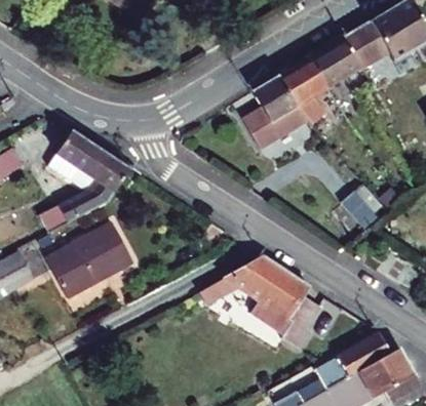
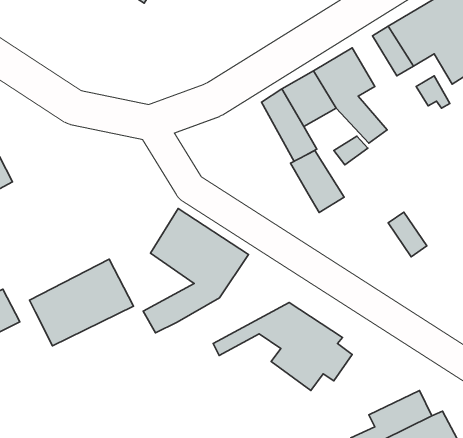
building: [320,35,358,78] -> none
building: [38,129,127,235] -> [143,209,248,333]
building: none -> [291,150,344,213]

